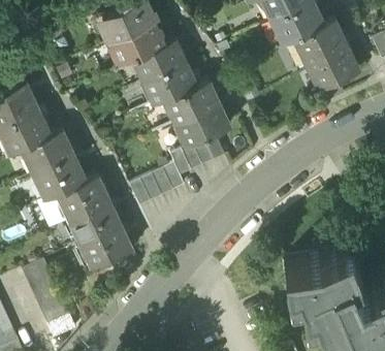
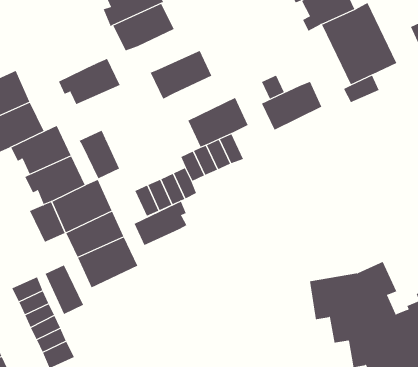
building: [131,36,186,77] -> [58,58,120,105]
building: [163,78,217,122] -> [261,81,322,130]
building: none -> [79,130,120,179]
building: none -> [134,201,187,246]
building: none -> [45,264,84,315]

